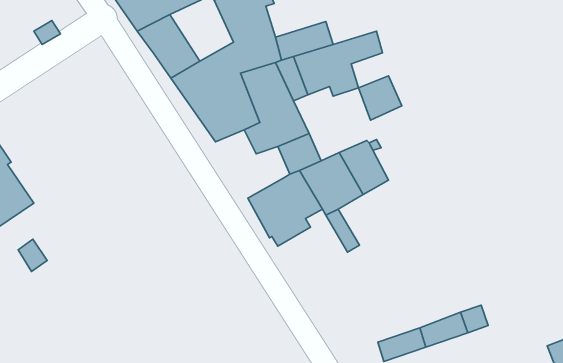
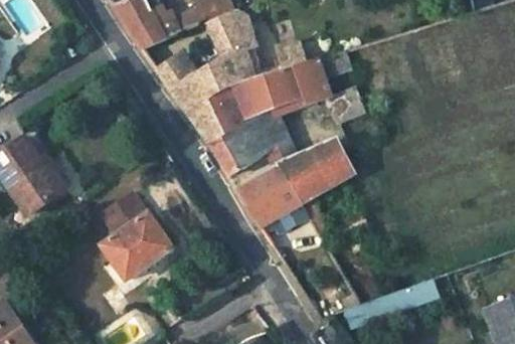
building: none -> [209,133,249,176]
building: none -> [102,192,172,281]

